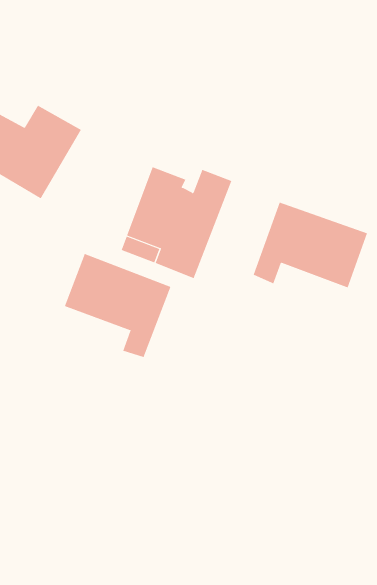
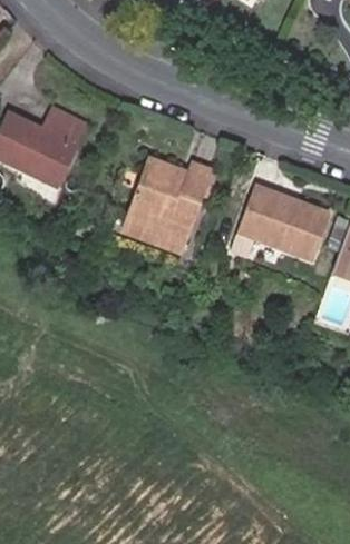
building: [64,253,171,358] -> none

